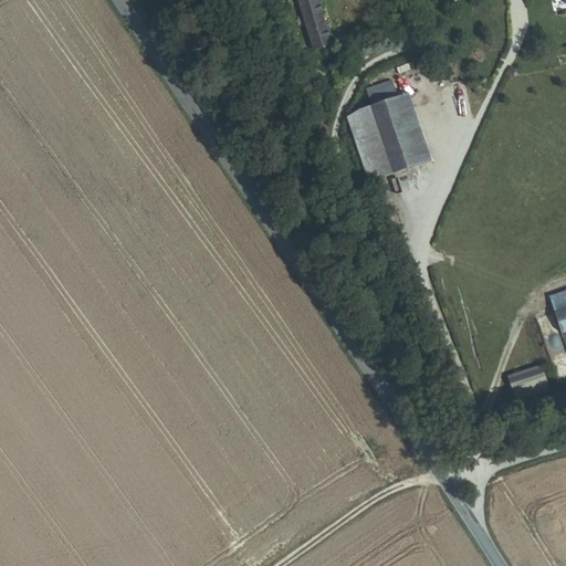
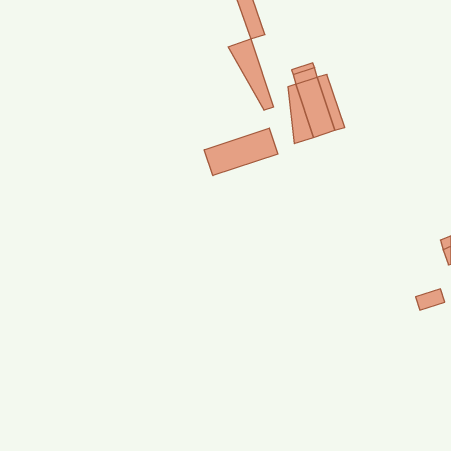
building: none -> [228,39,273,110]
building: none -> [204,128,278,176]

